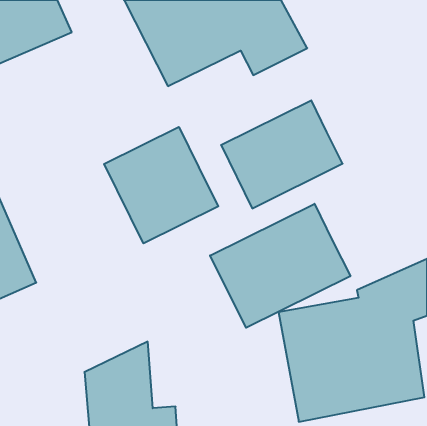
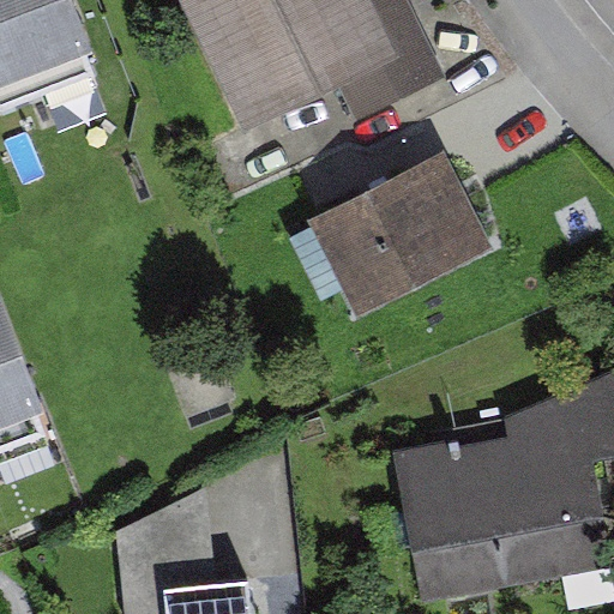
building: [104,127,218,243] -> none
building: [210,204,350,328] -> none

